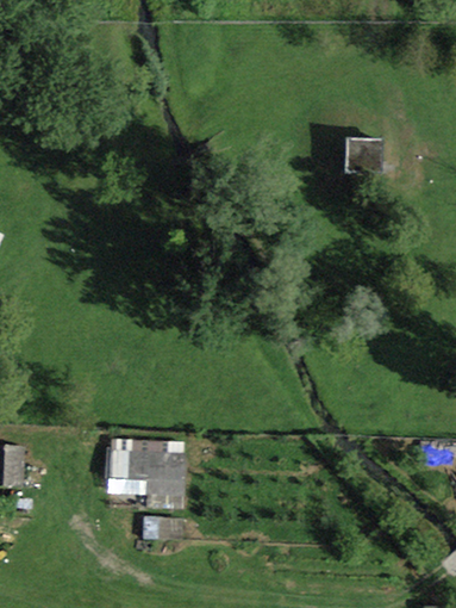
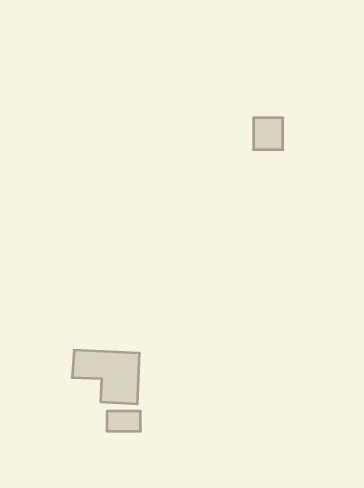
building: [345,138,379,174] -> [253,118,283,150]

